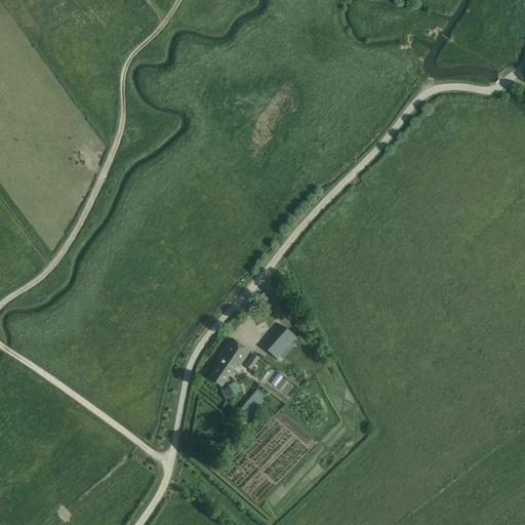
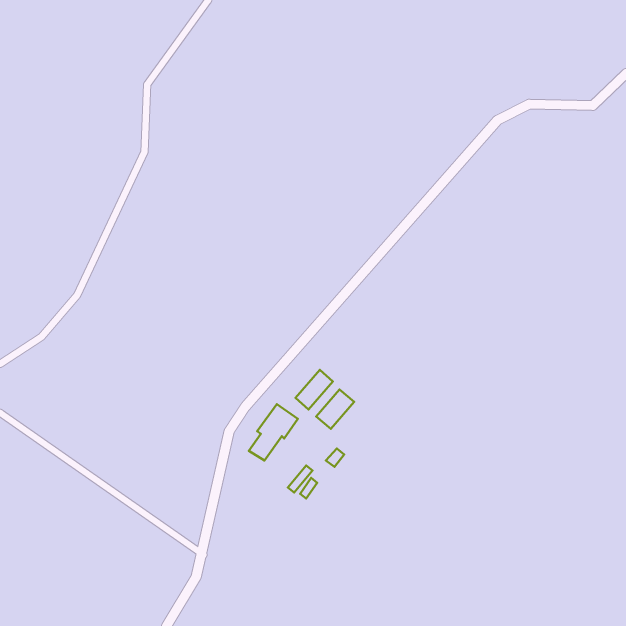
building: none -> [296,370,333,410]

